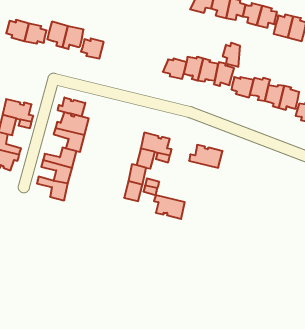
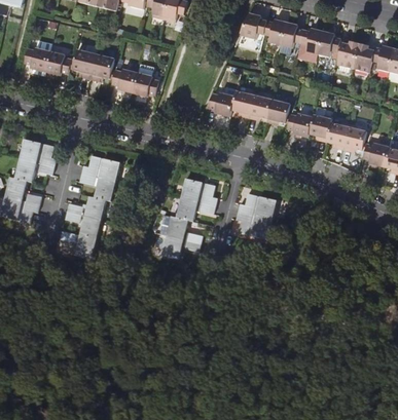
building: none -> [133,73,158,97]
building: [223,43,240,67] -> none
building: [58,97,85,116] -> none
building: [154,195,185,219] -> [236,212,272,239]

